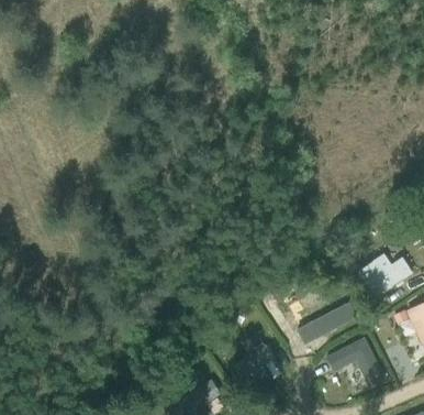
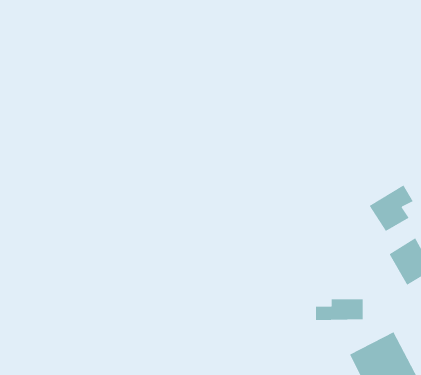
building: none -> [369,184,414,232]

